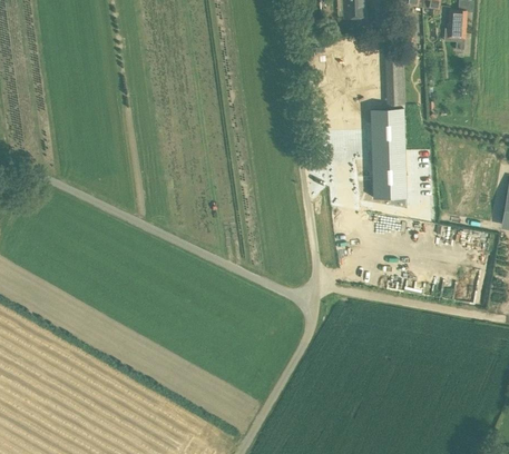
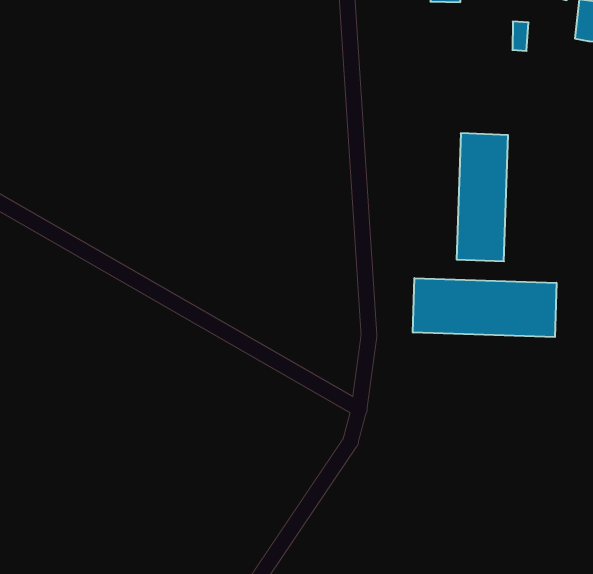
building: none -> [413,278,556,337]

